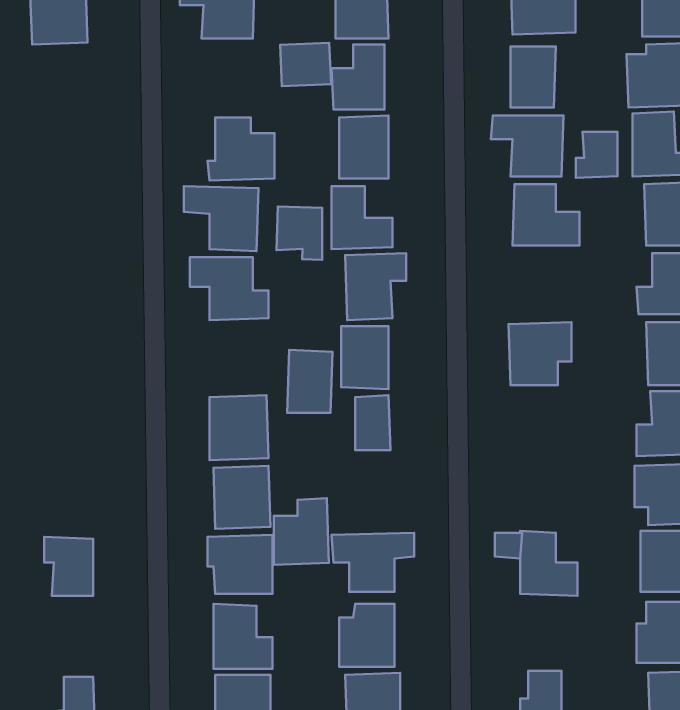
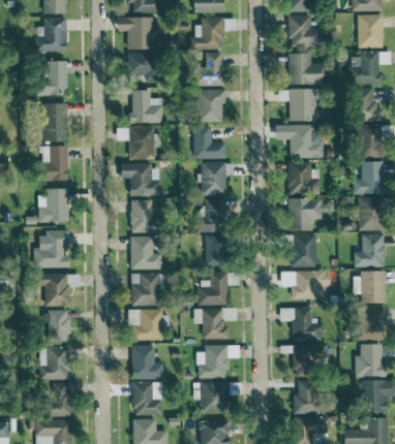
building: [280,43,331,86] -> [127,53,154,75]
building: none -> [37,61,66,95]
building: [576,132,618,178] -> none
building: none -> [43,103,67,140]
building: [276,206,322,260] -> none
building: none -> [40,146,68,181]
building: none -> [287,161,322,194]
building: none -> [39,188,68,222]
building: [287,350,332,413] -> [131,199,155,232]
building: none -> [34,231,68,267]
building: none -> [285,234,317,266]
building: none -> [293,271,330,299]
building: none -> [34,274,80,306]
building: [274,498,329,565] -> [201,271,230,306]
building: none -> [294,343,328,370]
building: none -> [40,347,69,380]

